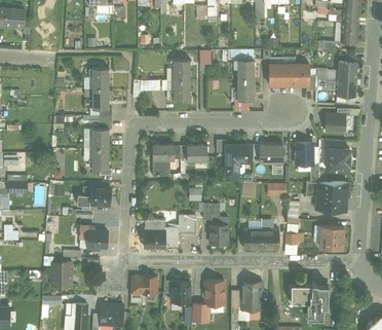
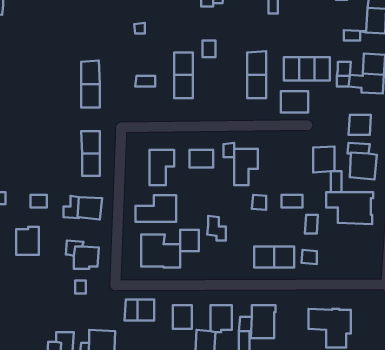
building: [259,144,282,162] -> [281,91,308,112]
building: none -> [136,195,176,222]
building: [211,216,228,244] -> none
building: [320,225,344,248] -> none
building: [52,261,72,286] -> [16,227,39,255]

